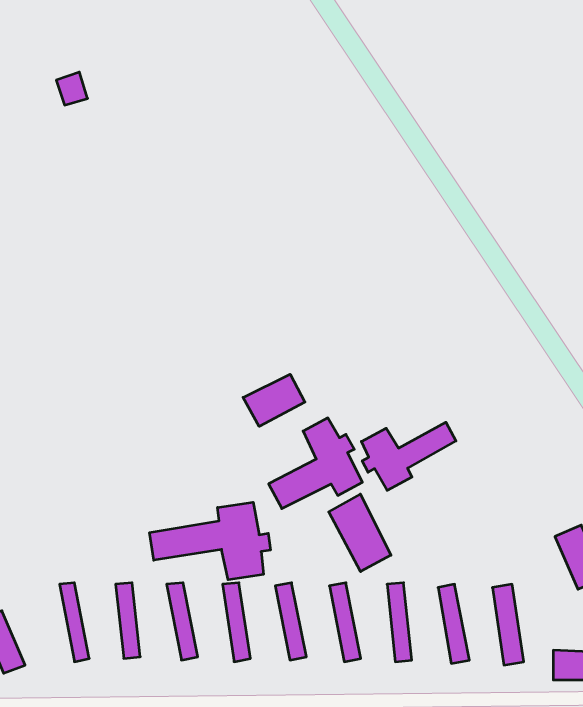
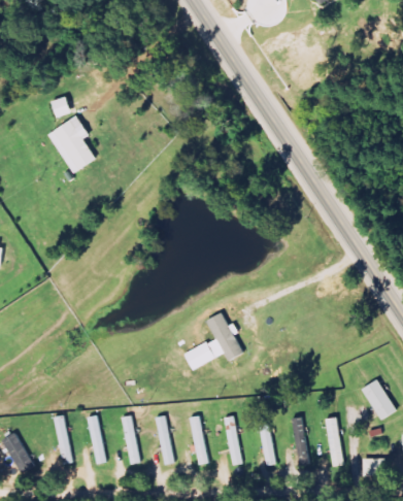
building: none -> [47,115,97,173]
building: [243,374,305,426] -> none
building: [361,422,456,490] -> none
building: [329,494,391,572] -> none
building: [150,502,270,580] -> none

